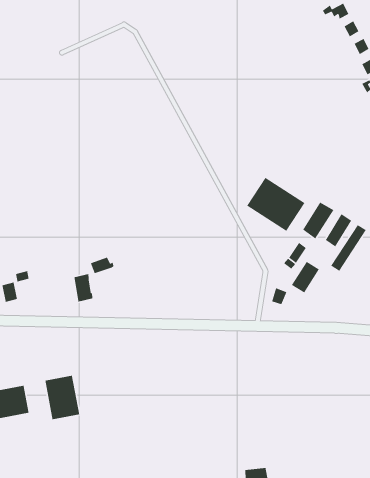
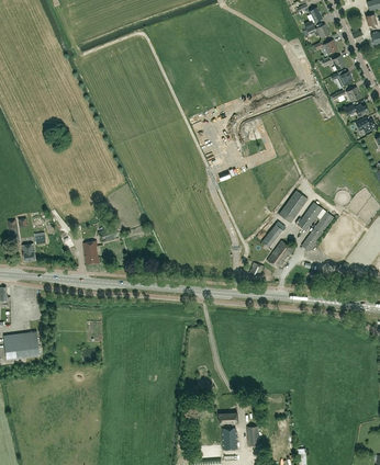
building: [246,177,305,232] -> none
building: [44,375,80,420] -> none

